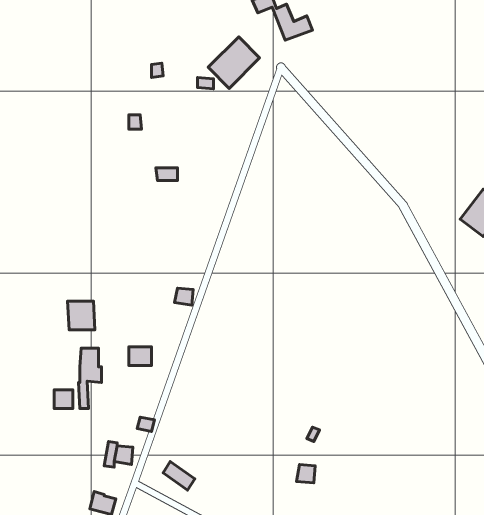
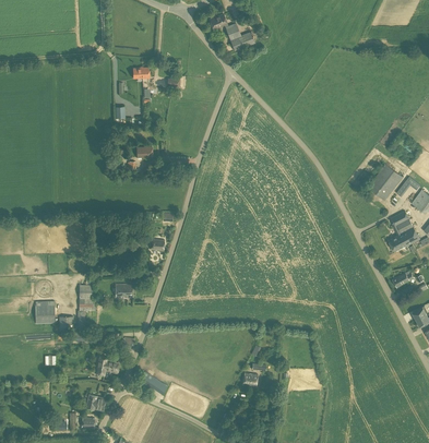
building: [208,37,260,88] -> none
building: [68,301,95,330] -> [35,301,56,323]

